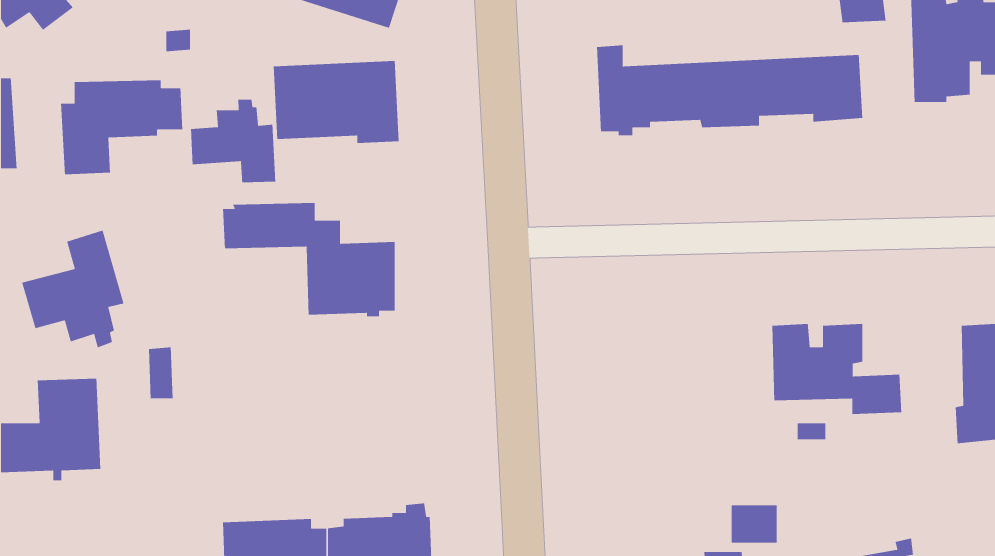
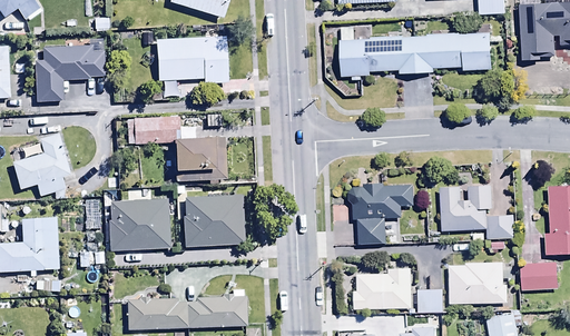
building: [190,99,276,183] -> none
building: none -> [350,182,414,243]
building: none -> [184,196,245,247]
building: none -> [108,200,170,250]
building: none -> [450,261,509,304]
building: none -> [522,263,559,290]
building: none -> [354,268,412,309]

